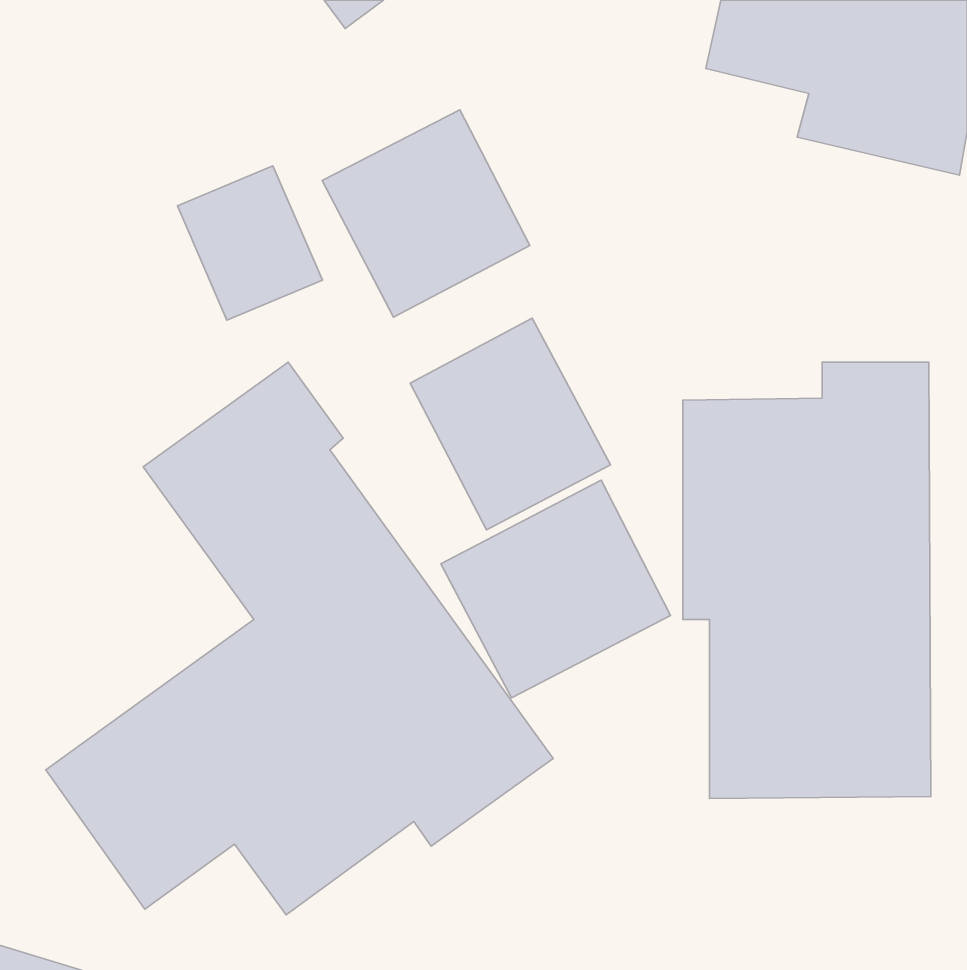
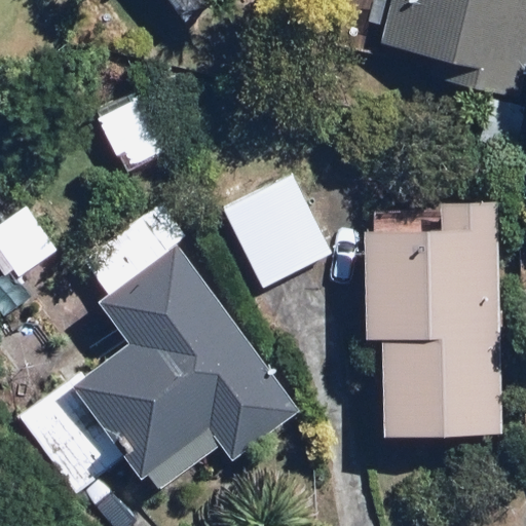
building: [322,110,530,317] -> none
building: [441,480,670,698] -> none

